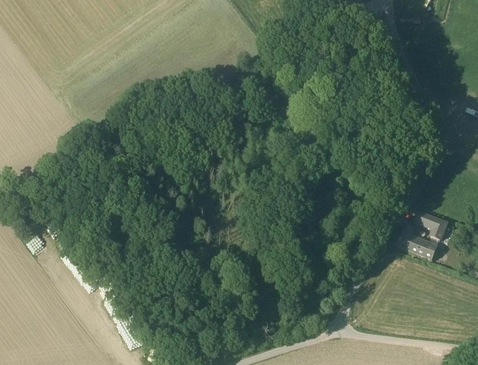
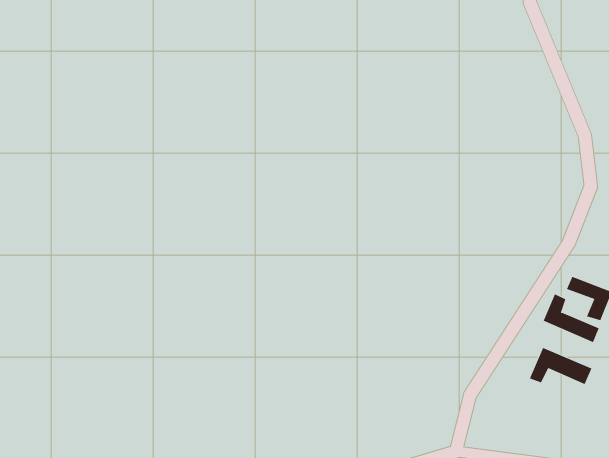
building: none -> [529,347,592,385]

